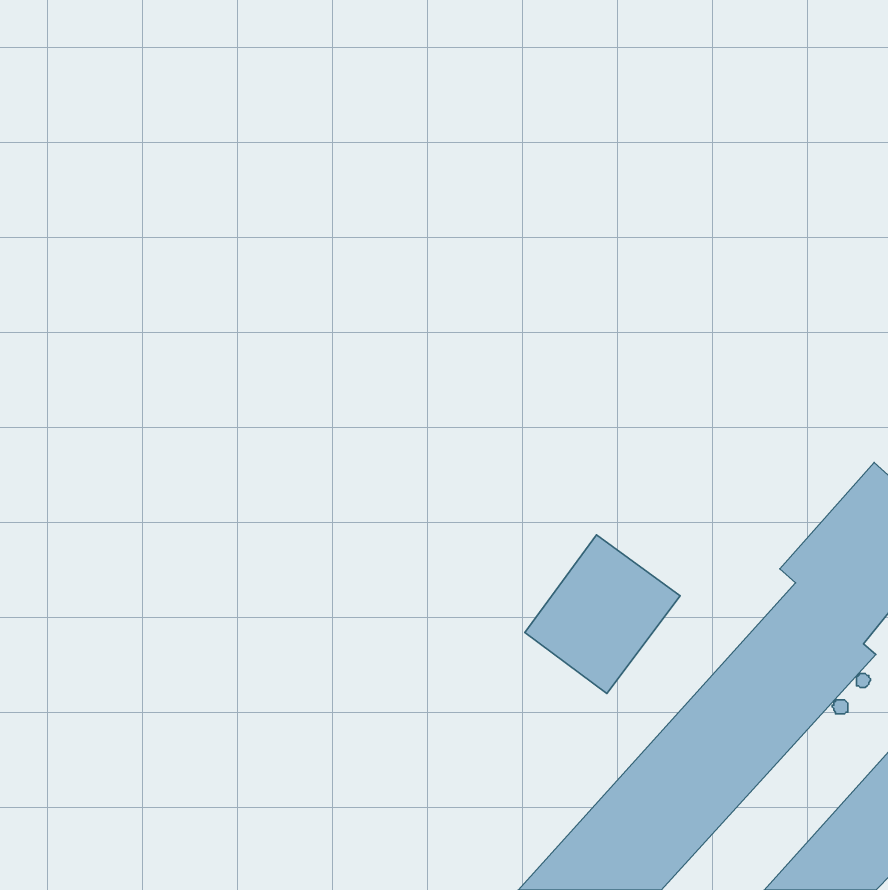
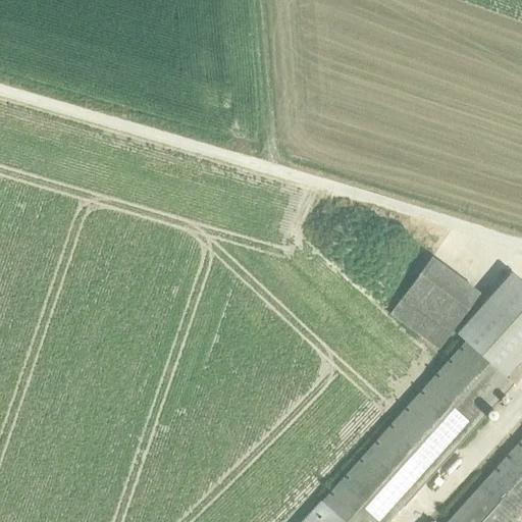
building: [525,535,680,693] -> [393,257,483,350]

